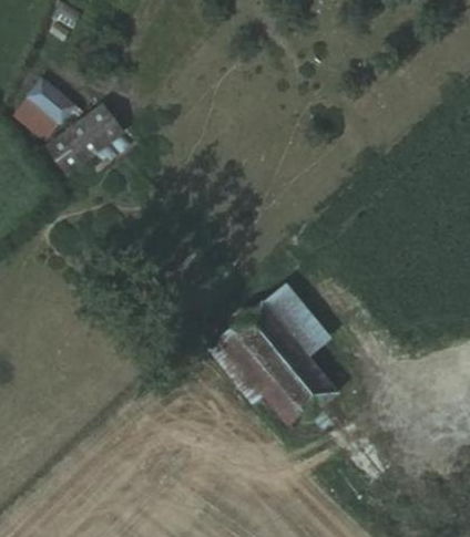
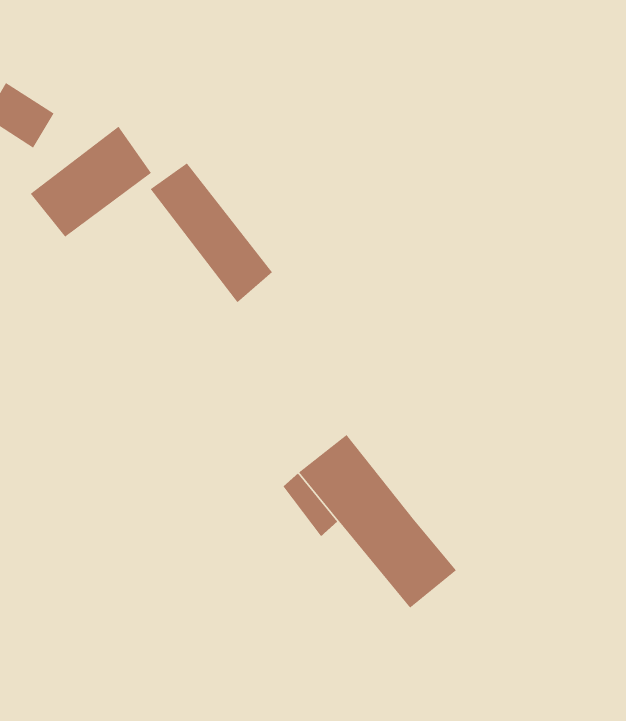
building: none -> [150,162,273,303]
building: [253,289,316,360] -> none

